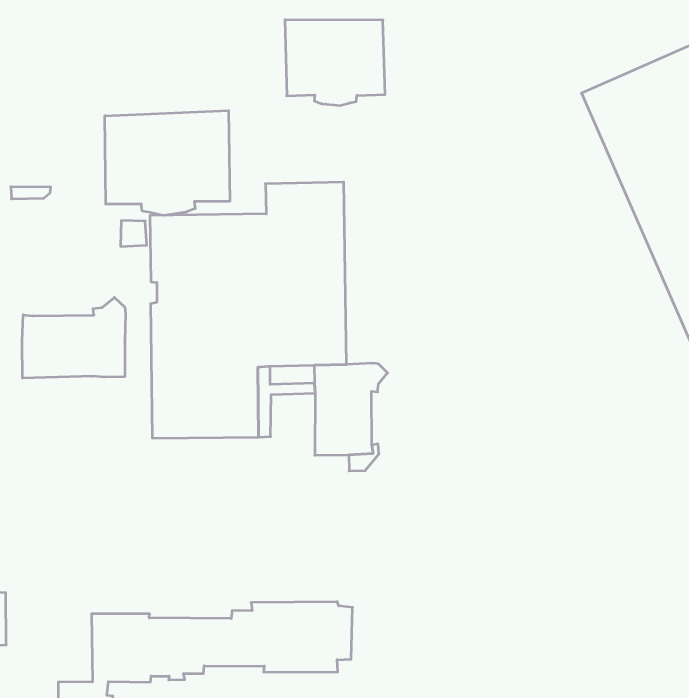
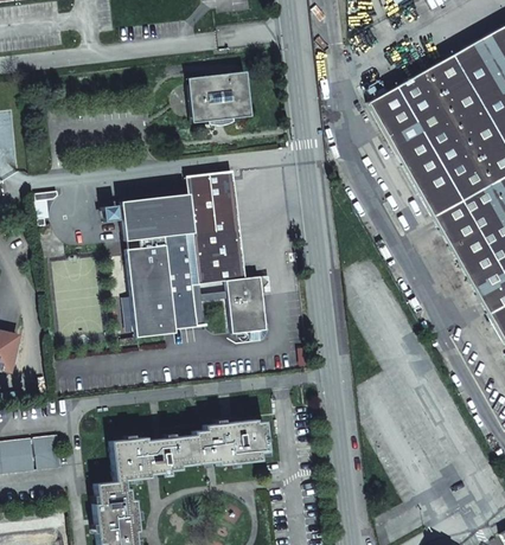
building: [105,111,230,215] -> none
building: [22,297,126,378] -> none

